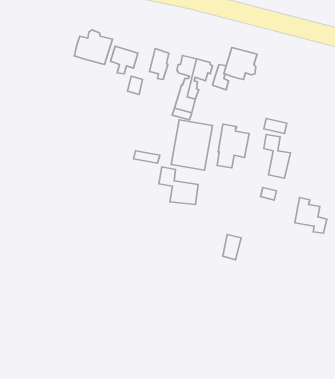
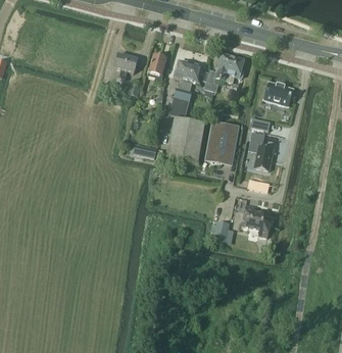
building: [74,30,112,64] -> none
building: none -> [263,81,293,105]
building: [159,167,198,205] -> none
building: [295,197,327,233] -> [242,204,271,236]

